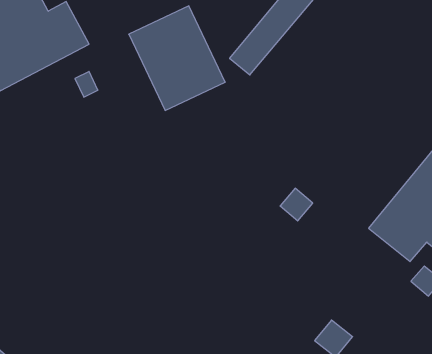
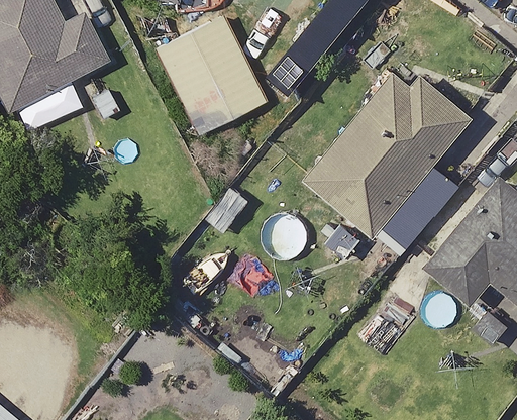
building: none -> [304,72,474,238]

